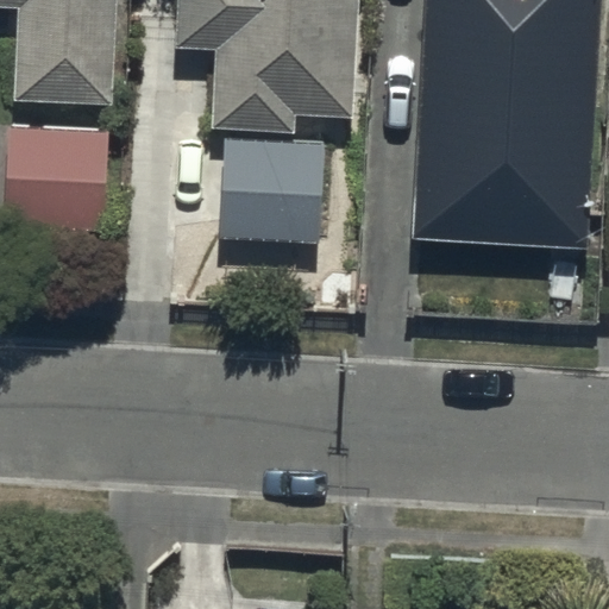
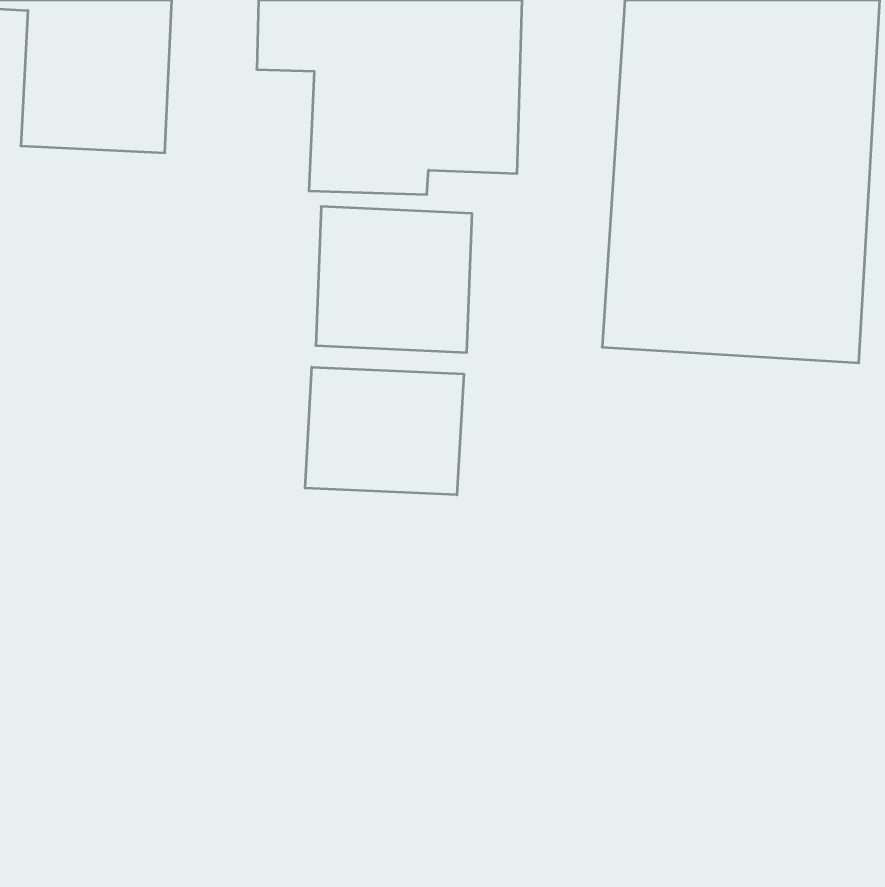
building: [5,126,107,228] -> none
building: none -> [305,367,464,495]

